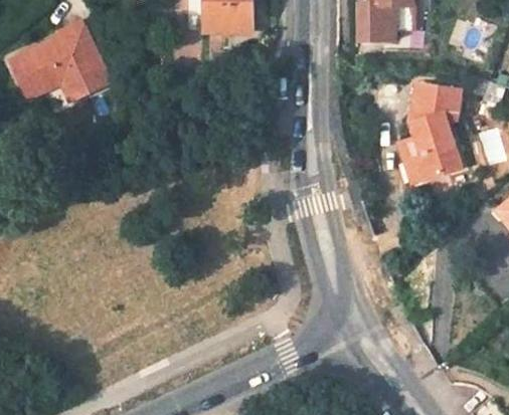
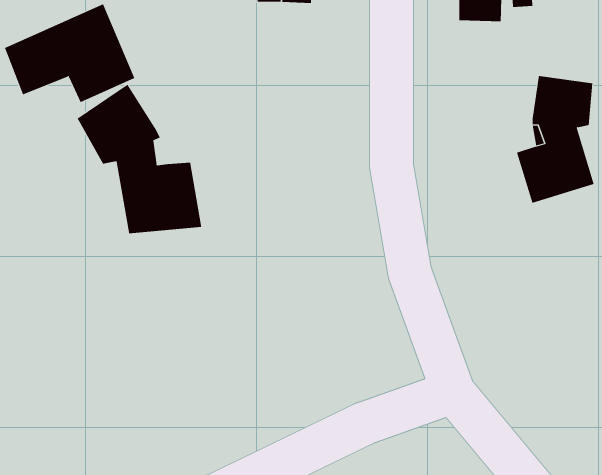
building: none -> [77,84,202,234]

